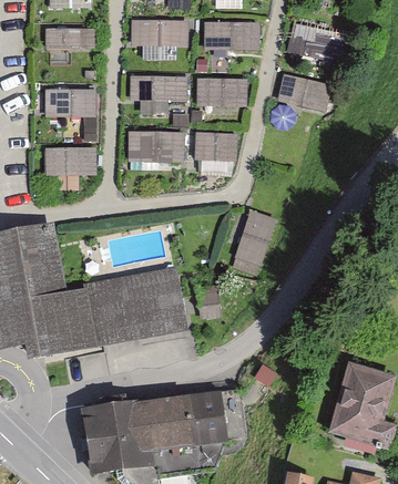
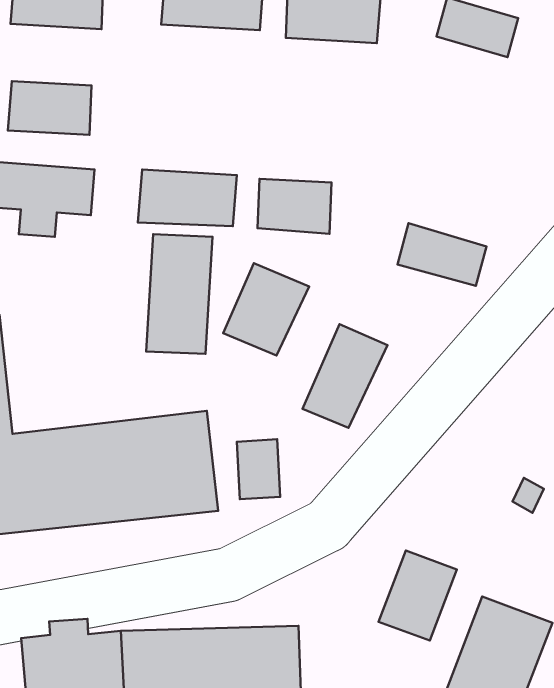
building: [131,74,188,102] -> none
building: [282,75,333,109] -> [398,223,487,286]
building: [198,79,246,110] -> none
building: none -> [146,234,212,354]
building: none -> [223,263,309,356]
building: none -> [379,551,457,641]

